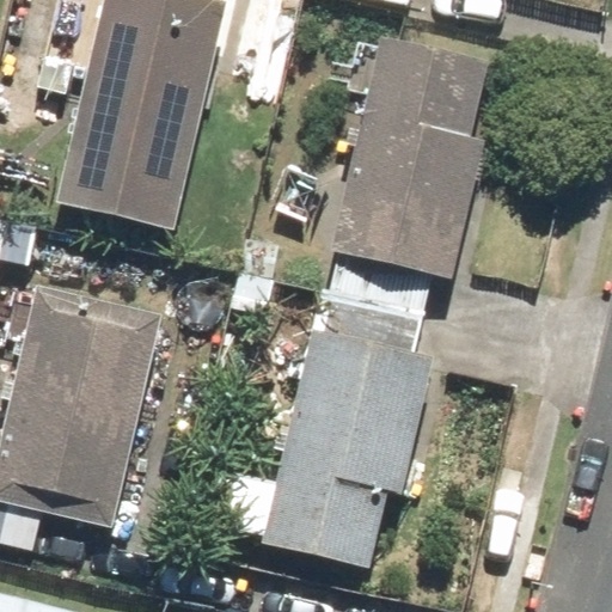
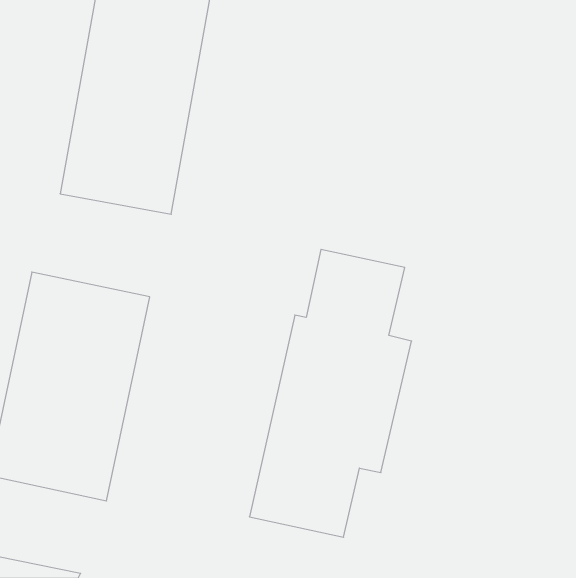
building: [339,38,482,276] -> none

